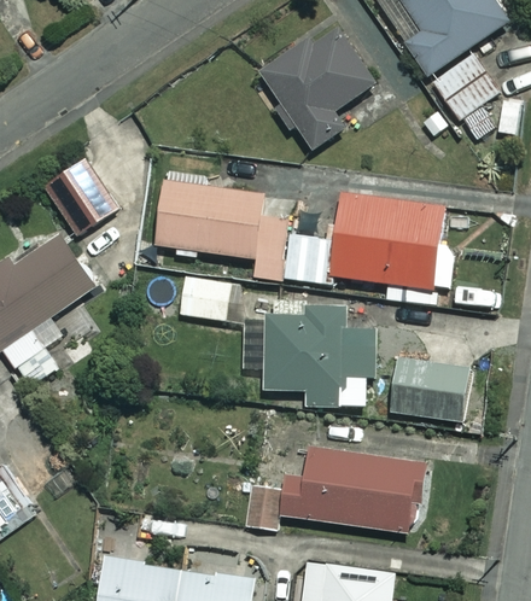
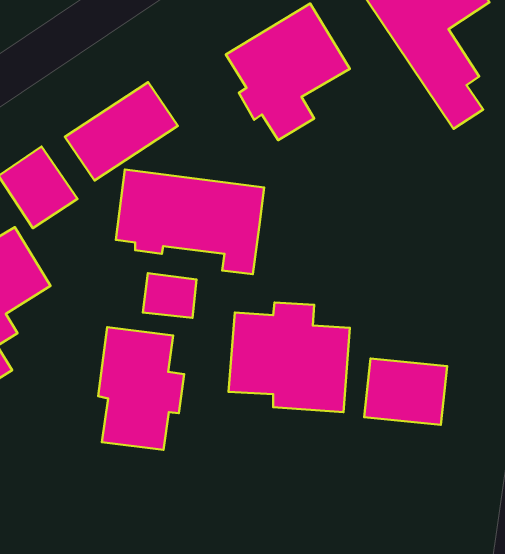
building: none -> [65,82,178,181]
building: [284,192,455,292] -> none
building: none -> [98,327,184,450]
building: [250,445,427,532] -> none

